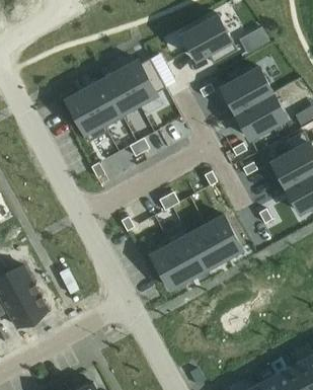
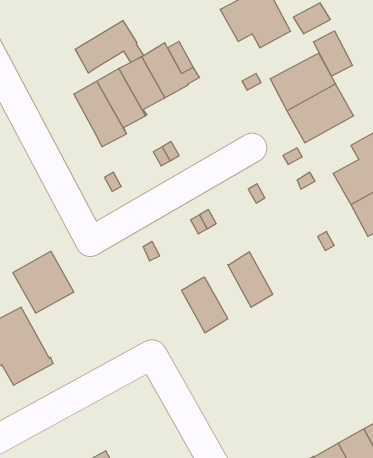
building: none -> [75,20,143,73]
building: none -> [313,31,353,76]
building: [205,215,242,258] -> none
building: none -> [13,251,74,313]
building: [164,226,206,278] -> none

